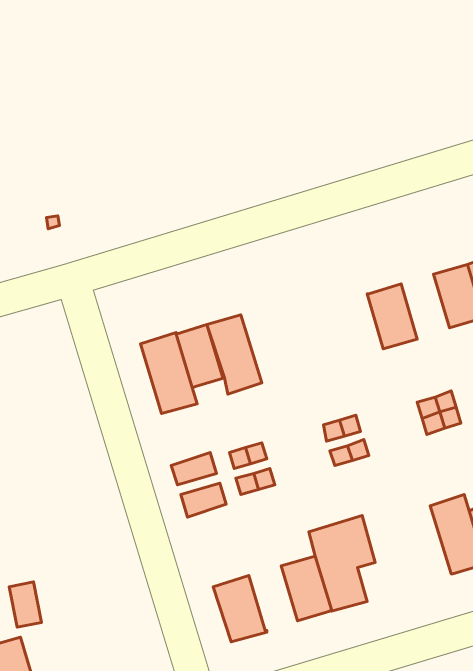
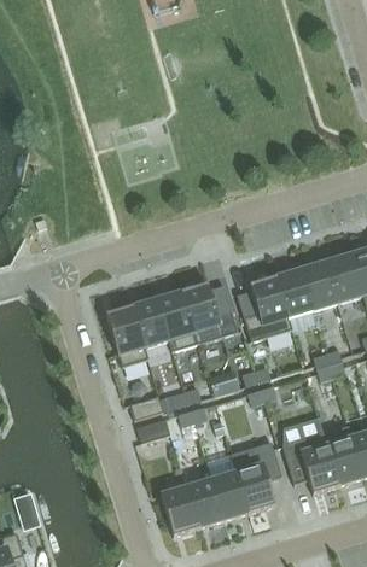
building: none -> [301,262,337,310]
building: none -> [237,276,291,340]
building: none -> [181,282,238,343]
building: none -> [282,434,339,493]
building: none -> [187,479,223,527]

